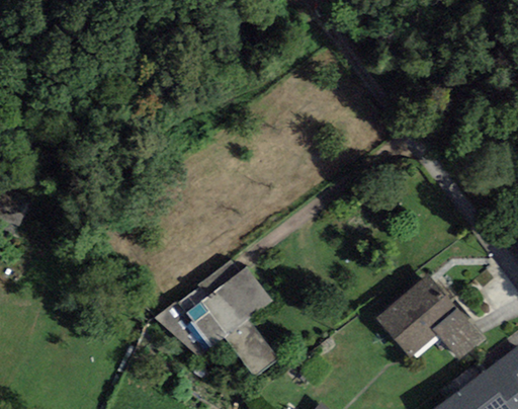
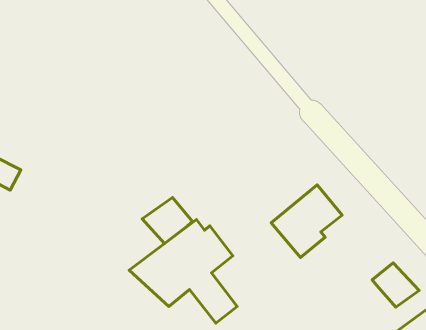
building: none -> [142,197,193,244]
building: [376,275,457,358] -> [271,185,342,258]

